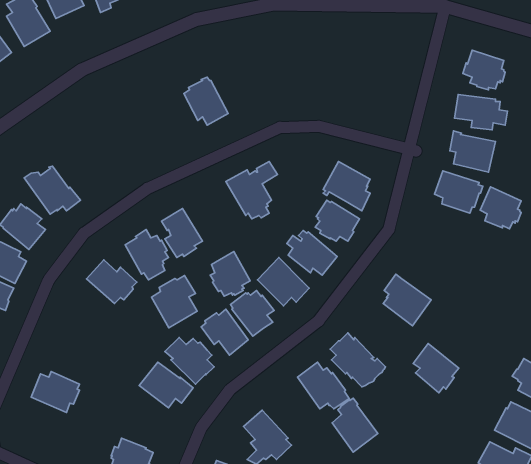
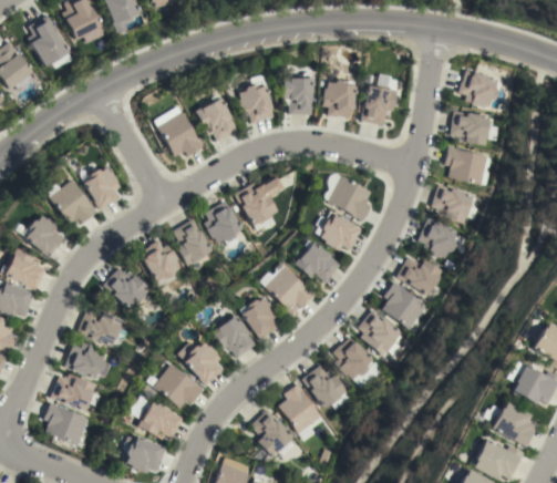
building: none -> [283,74,312,114]
building: none -> [323,79,355,119]
building: none -> [238,82,274,124]
building: none -> [361,84,398,126]
building: none -> [154,106,204,157]
building: none -> [82,167,121,209]
building: [480,187,521,229] -> [419,218,457,258]
building: none -> [396,256,444,296]
building: [210,252,250,296] -> [205,201,243,243]
building: [151,275,197,328] -> none
building: none -> [78,310,123,347]
building: none -> [65,342,106,379]
building: [413,344,459,393] -> [359,309,402,356]
building: [332,398,378,452] -> [279,383,322,434]
building: none -> [137,401,184,440]
building: none -> [44,402,89,445]

